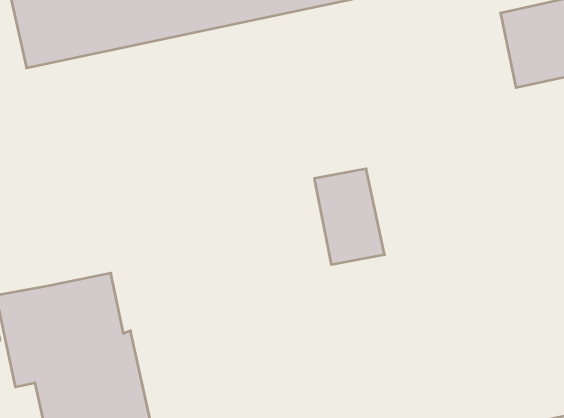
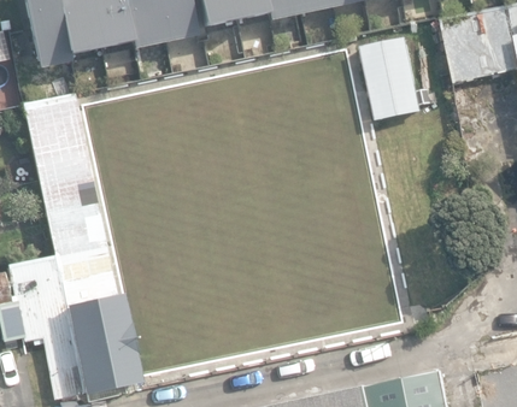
building: none -> [22,90,106,253]
building: [314,169,385,264] -> [360,39,421,120]

